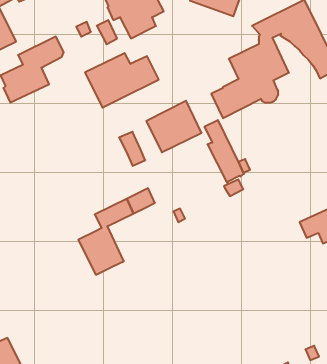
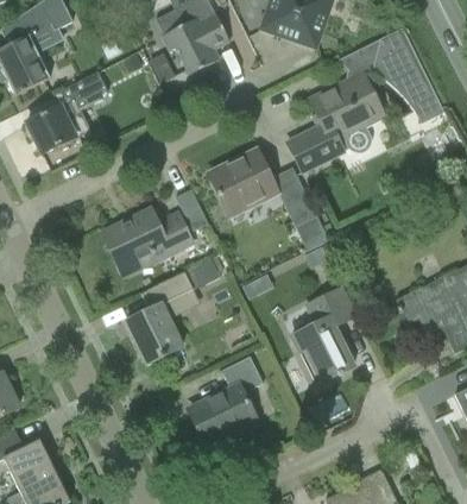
building: [85,53,159,108] -> [101,209,191,276]
building: none -> [290,288,354,385]
building: none -> [188,357,263,443]

